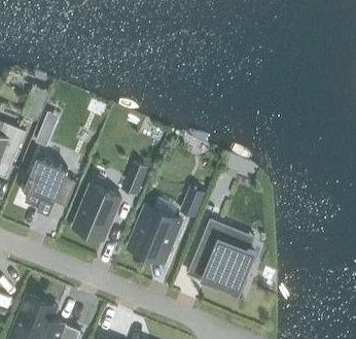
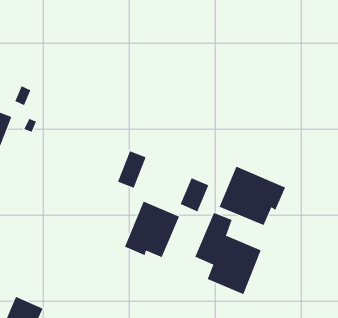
building: [25,156,75,212] -> none
building: none -> [219,166,286,226]
building: [72,184,120,239] -> none

